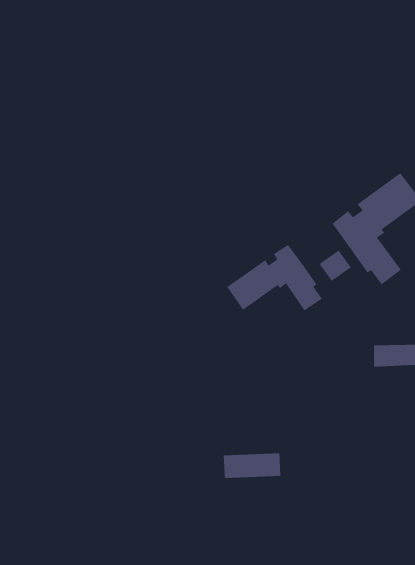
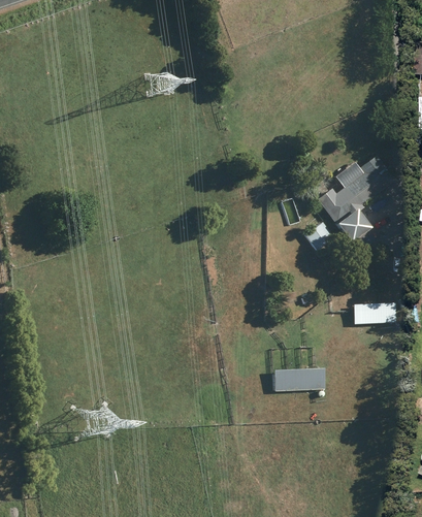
building: [226,244,323,311] -> none
building: [223,453,281,479] -> [269,368,320,391]

